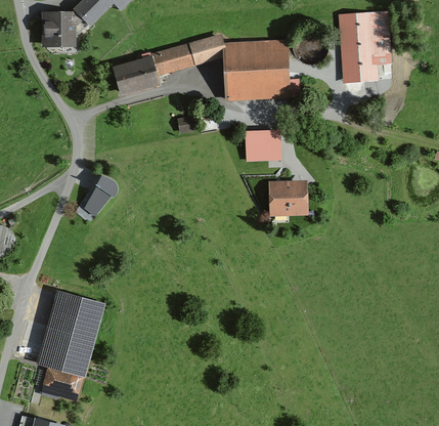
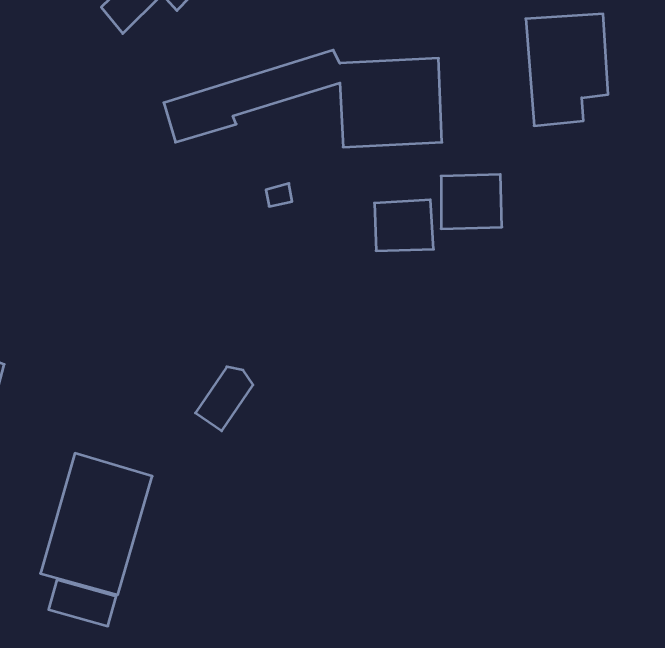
building: [44,14,73,46] -> none
building: [82,175,118,215] -> [195,367,253,431]
building: [269,181,307,215] -> [441,174,502,229]

